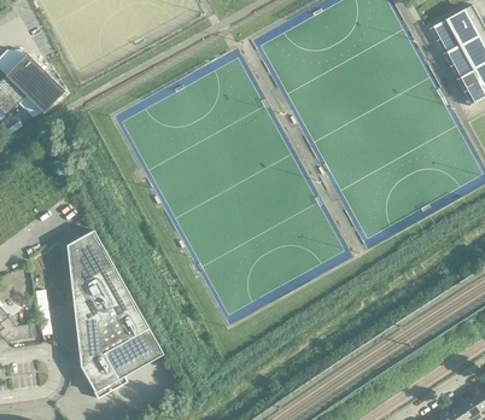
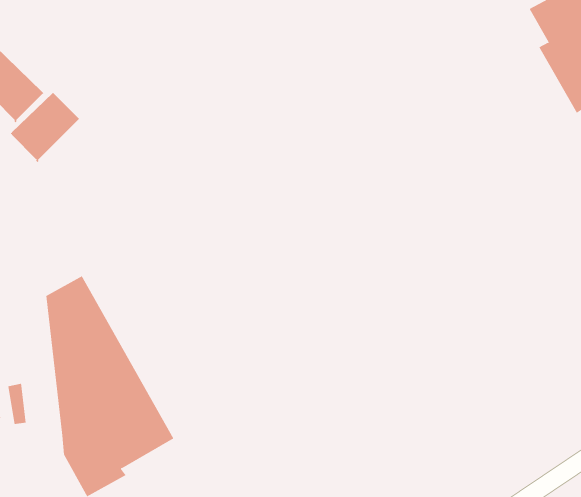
building: none -> [10,91,80,163]

